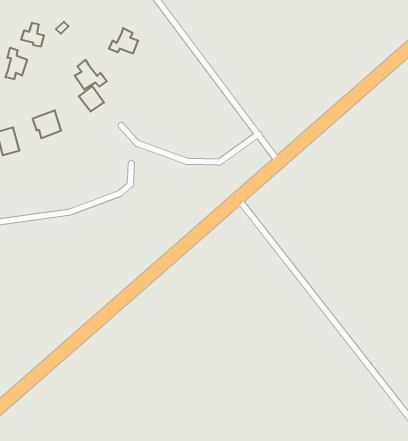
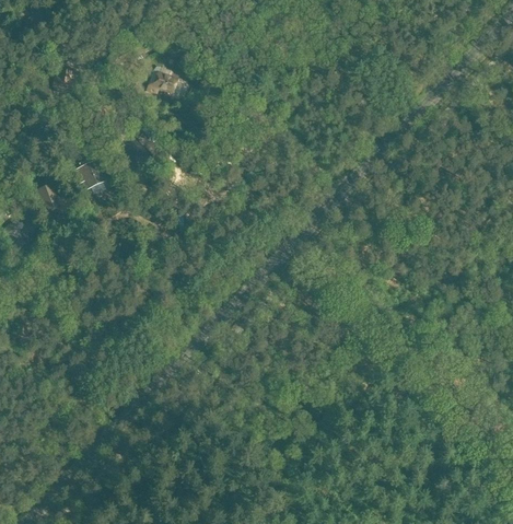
building: [5,48,27,79] -> none
building: [75,60,107,90] -> none

